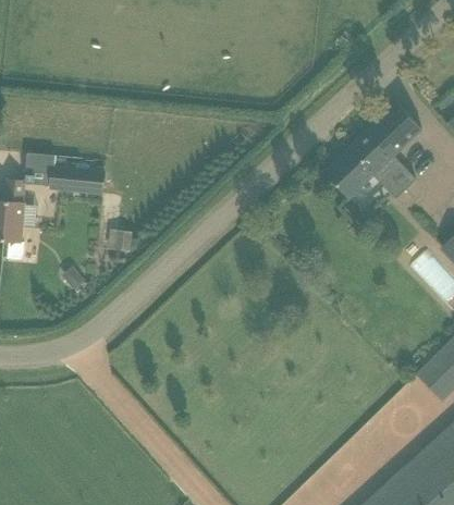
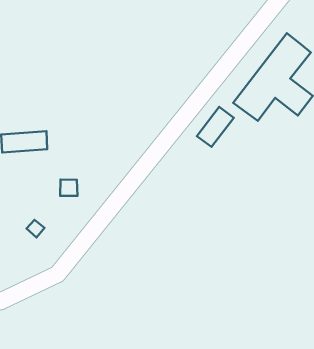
building: none -> [197,107,234,147]

